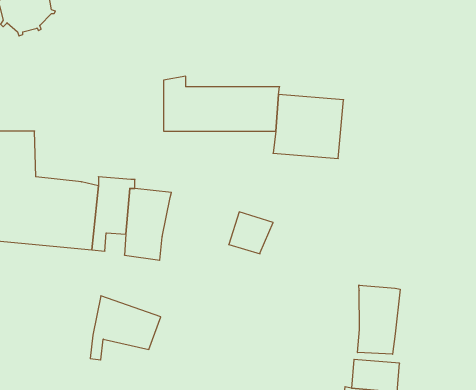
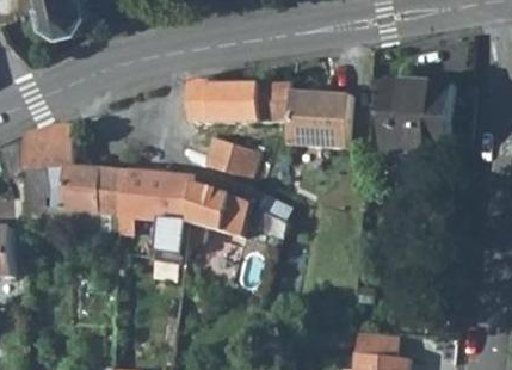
building: none -> [381,79,455,156]
building: none -> [199,135,261,181]
building: [358,285,400,354] -> none
building: [90,296,161,360] -> [186,183,251,241]

